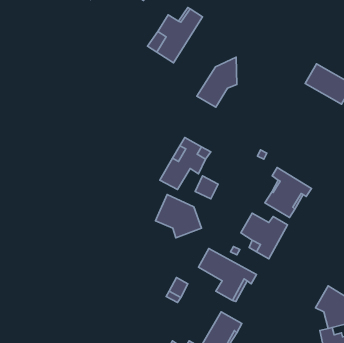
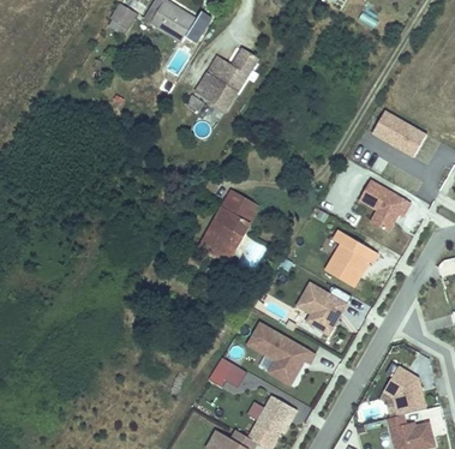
building: [197,57,237,107] -> none
building: none -> [357,180,408,232]
building: [156,194,202,238] -> none

